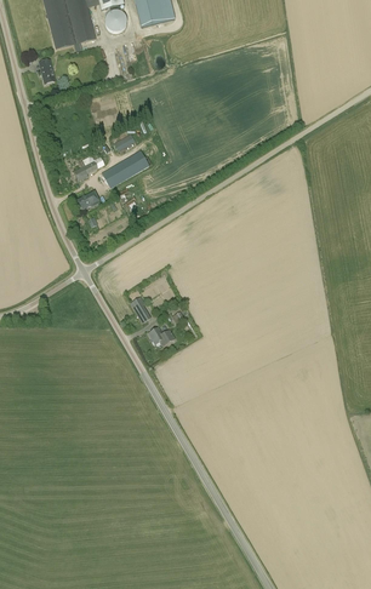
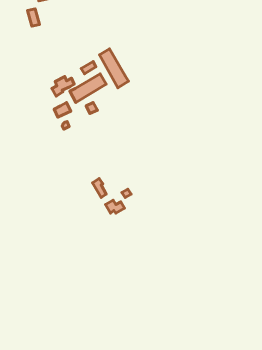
building: none -> [99,49,129,88]

